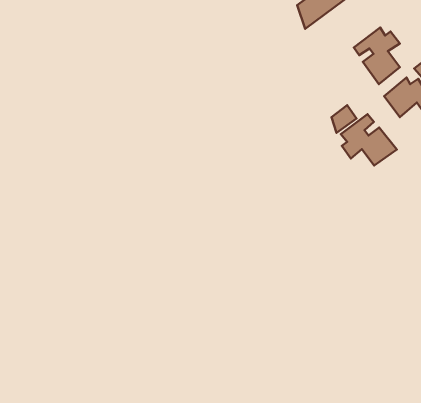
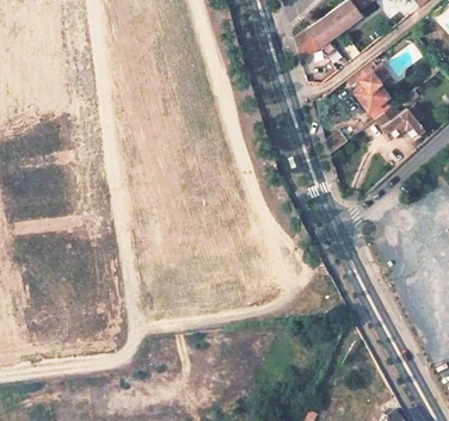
building: [341,114,397,165] -> none

